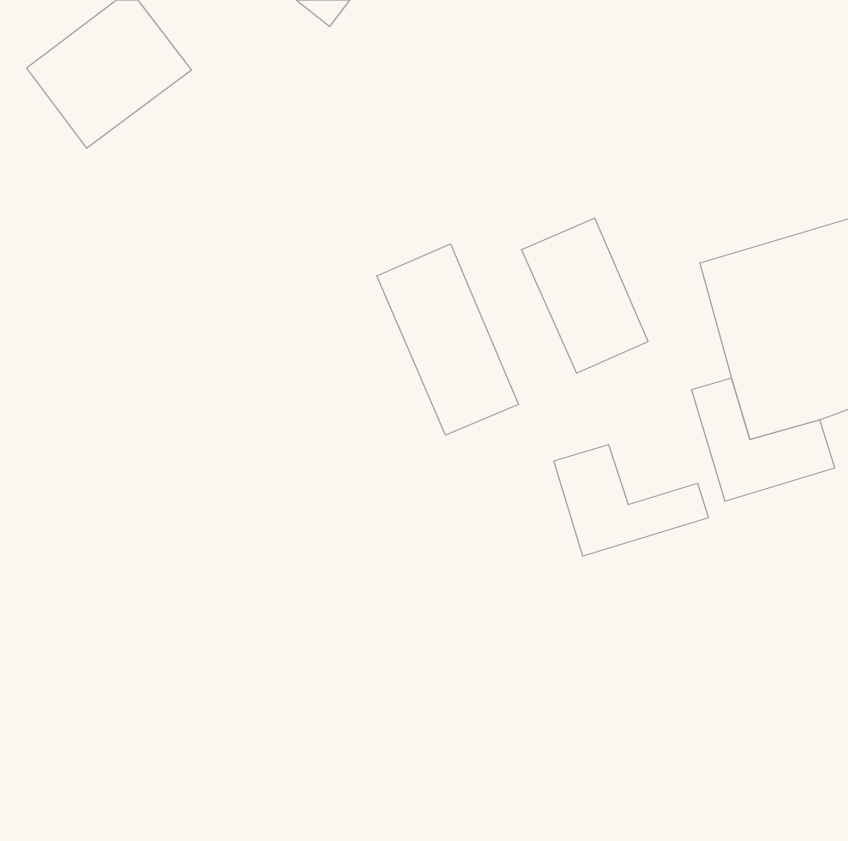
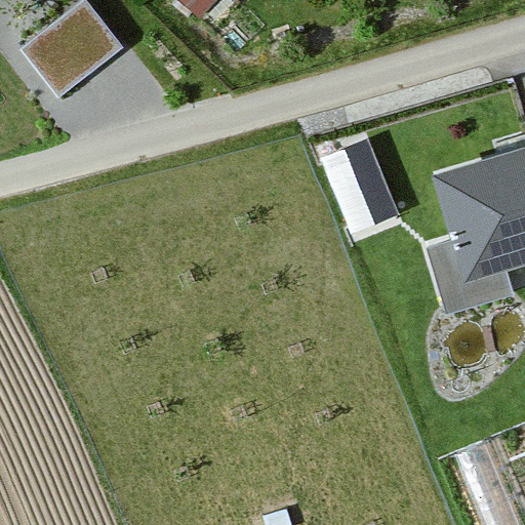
building: [377,244,518,435] -> none
building: [554,445,709,556] -> none

